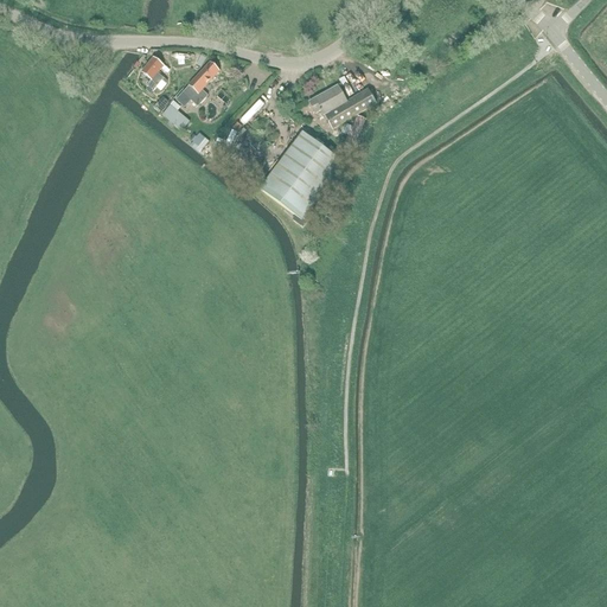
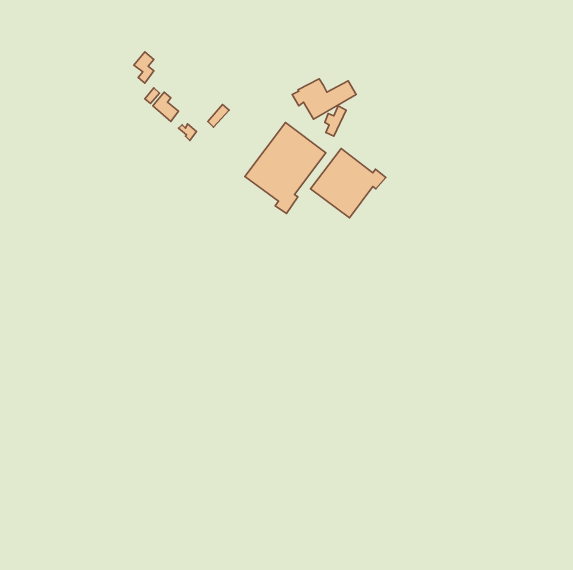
building: [181,59,218,103] -> none
building: none -> [311,148,386,218]

